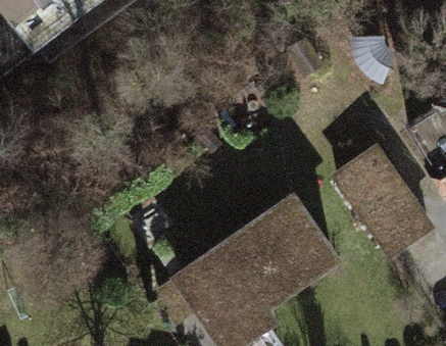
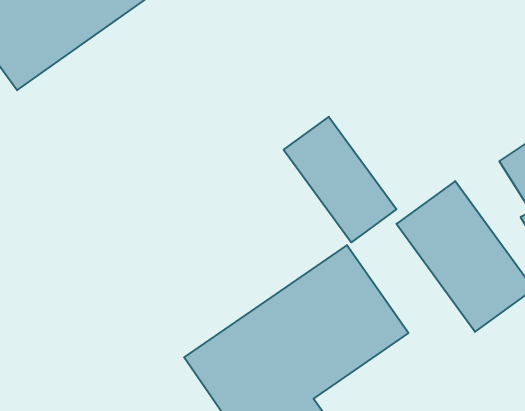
building: none -> [284,117,396,242]

